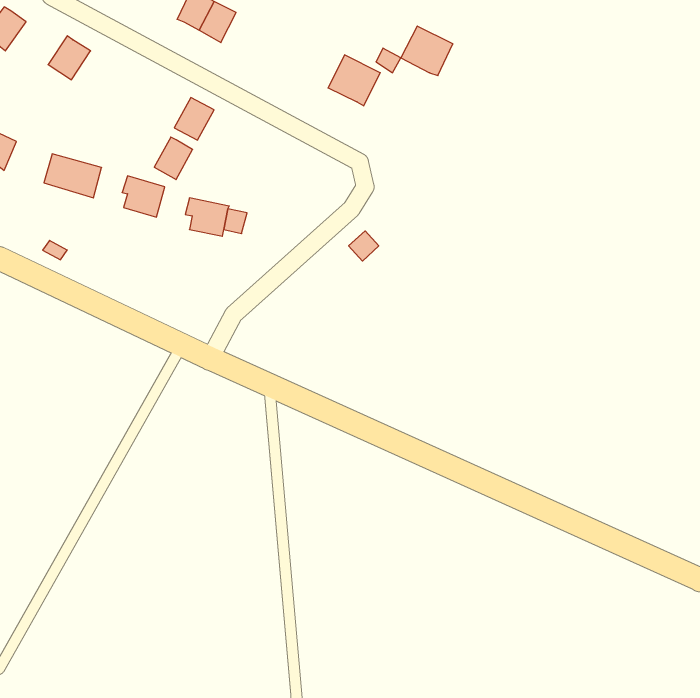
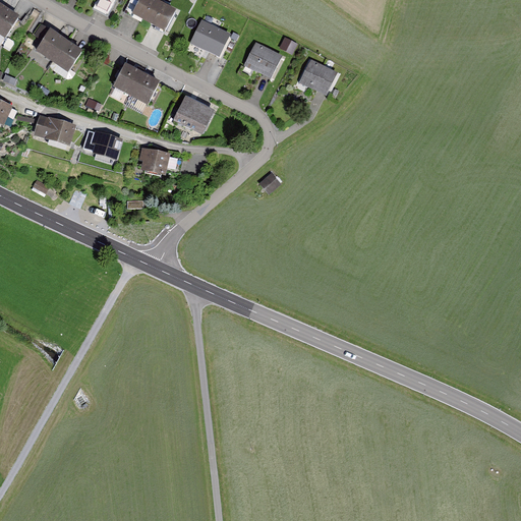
building: none -> [190,19,229,56]
building: [401,26,453,76] -> [298,58,337,95]
building: none -> [53,38,81,68]
building: none -> [173,96,214,134]
building: [154,137,193,180] -> [113,63,141,95]

